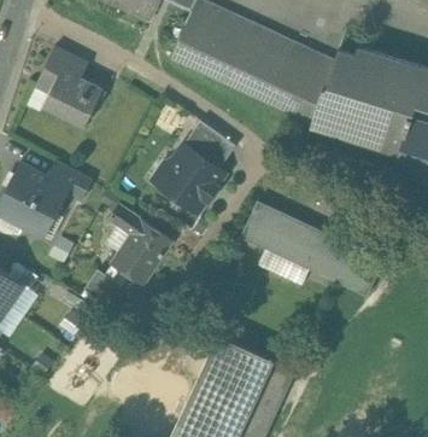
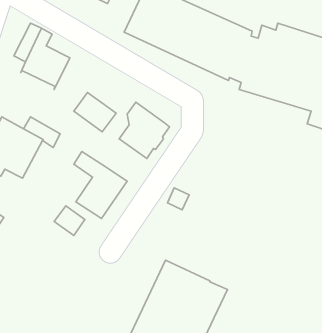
building: [184,121,236,169] -> [74,92,116,132]
building: [241,202,383,296] -> none

